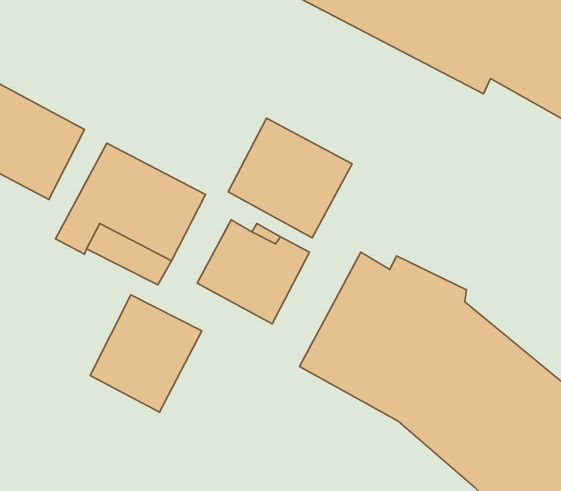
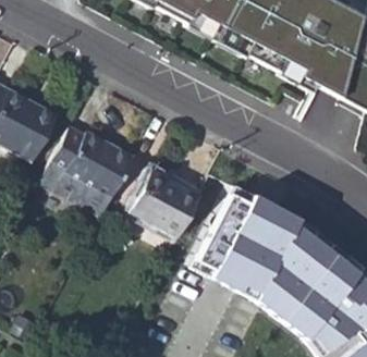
building: [228,118,352,238] -> none
building: [90,295,202,412] -> none

